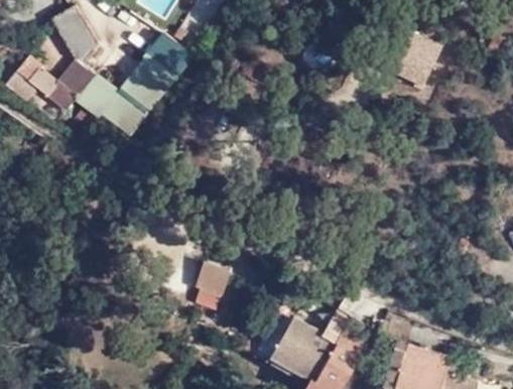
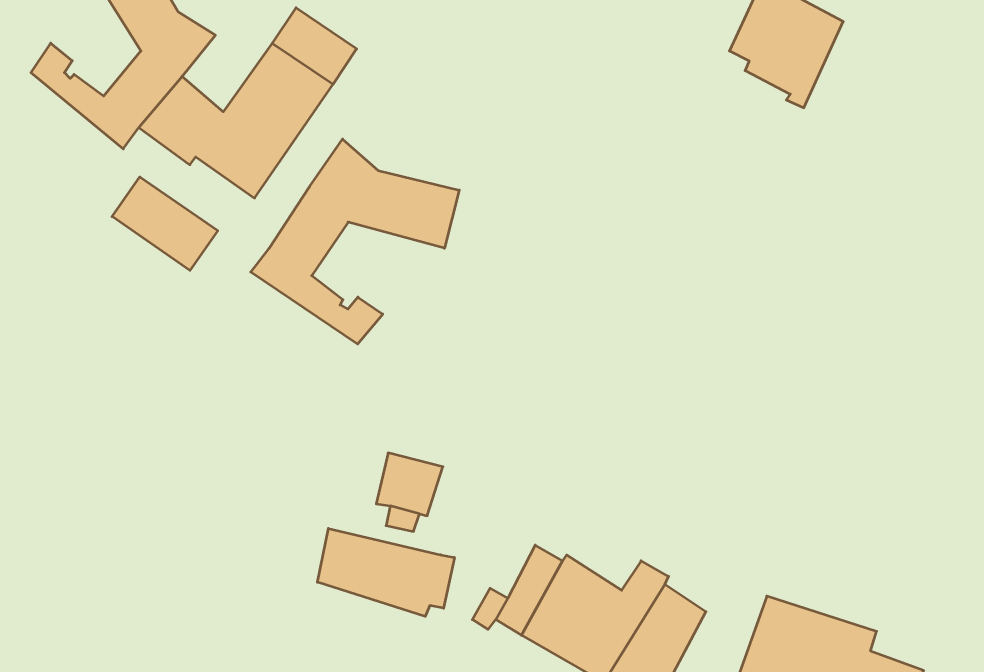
building: none -> [251,139,459,344]
building: none -> [112,177,218,270]
building: none -> [317,528,454,616]

